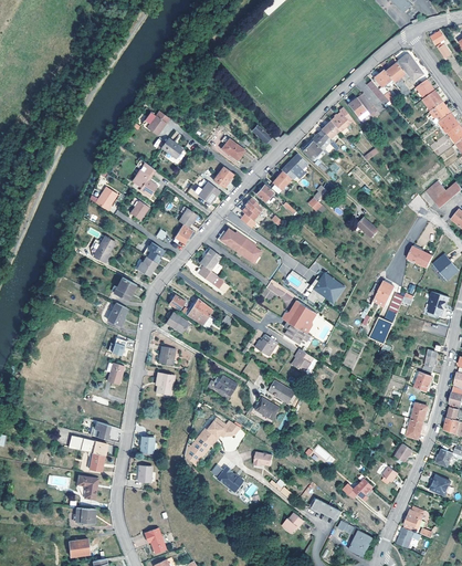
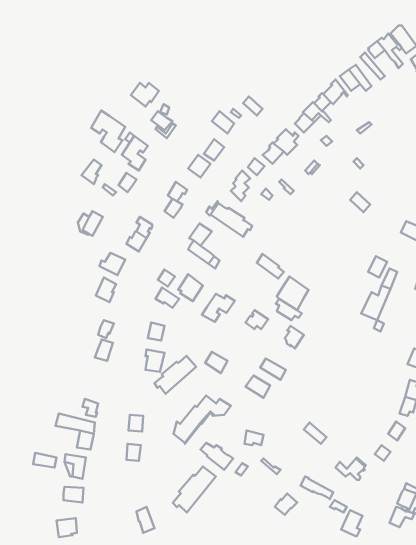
building: none -> [91,110,125,152]
building: [303,273,343,303] -> none
building: none -> [202,294,235,322]
building: none -> [155,356,196,394]
building: none -> [173,466,216,513]

